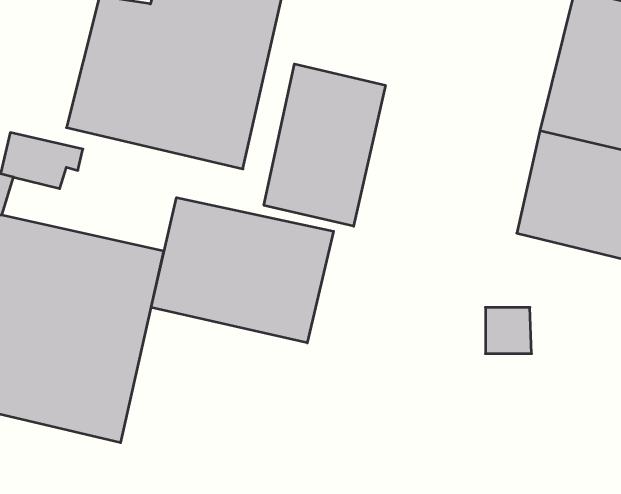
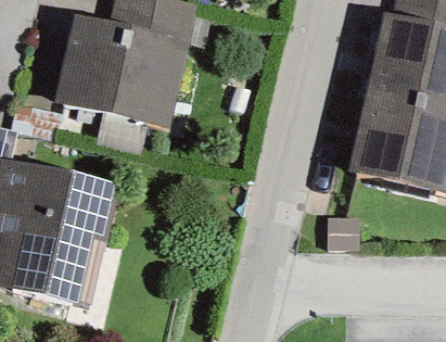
building: [264,64,385,226] -> none
building: [151,198,334,343] -> none

